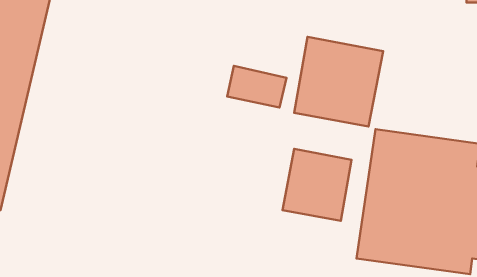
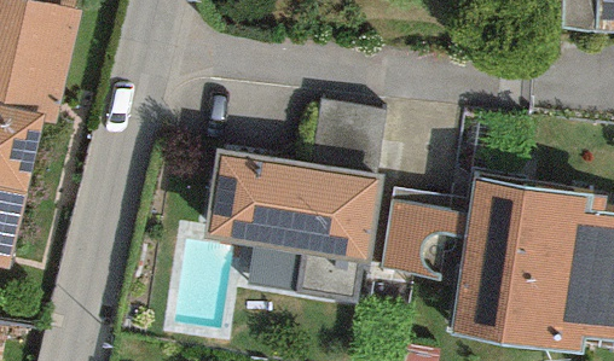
building: [294,37,383,126] -> none
building: none -> [207,161,373,302]

